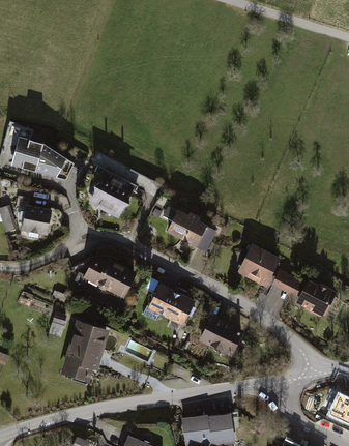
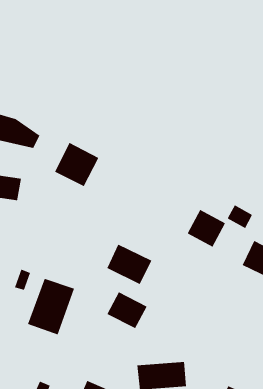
building: [167,209,209,249] -> none
building: [85,255,139,299] -> none
building: [270,270,299,297] -> [227,205,253,229]
building: [200,316,245,357] -> [106,292,148,329]

